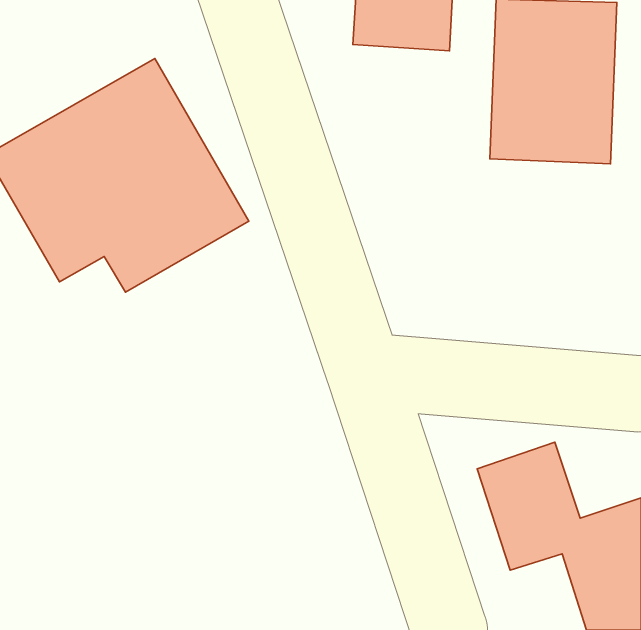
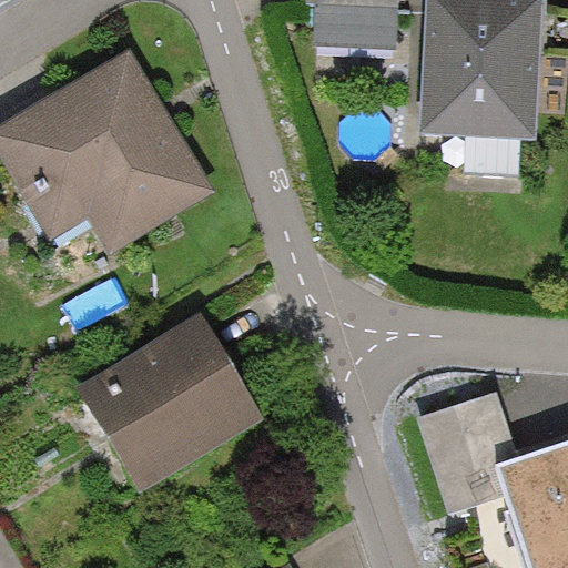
building: none -> [73,311,262,490]

